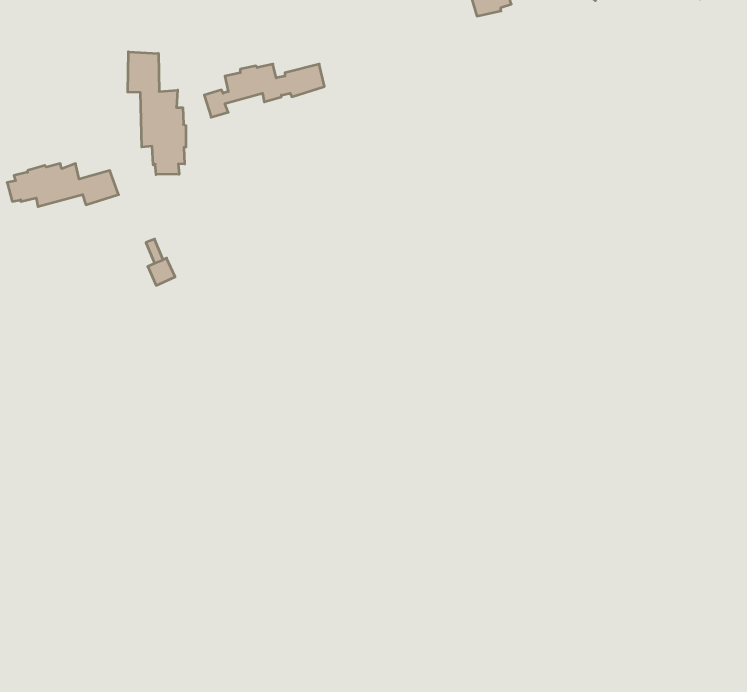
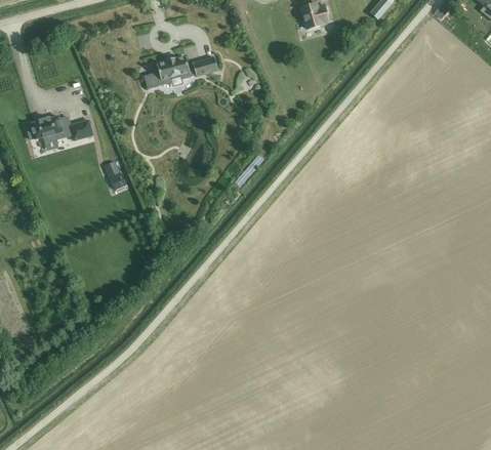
building: [128,52,186,175] -> none

